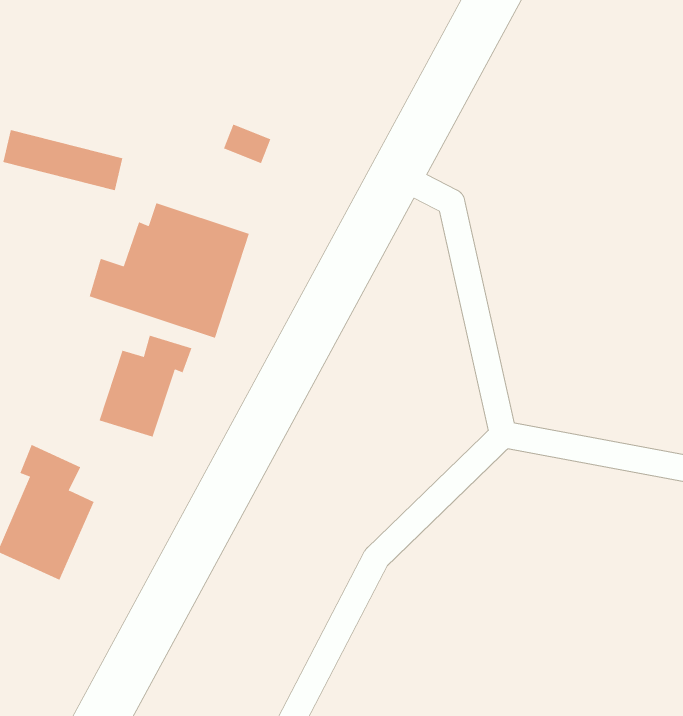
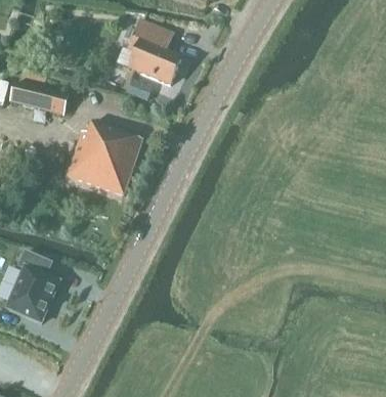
building: none -> [126,18,181,85]
building: [99,335,192,438] -> none

